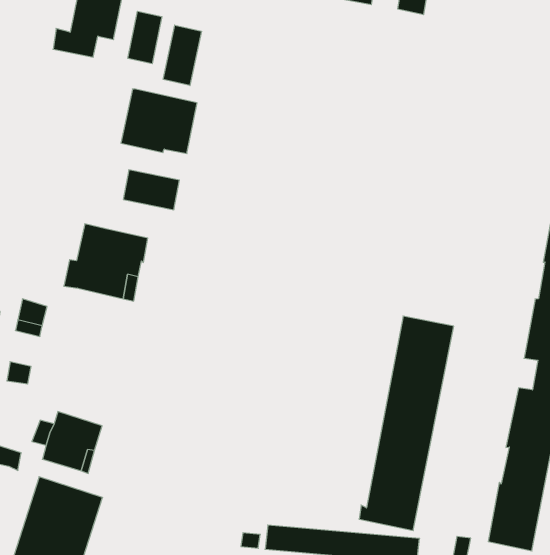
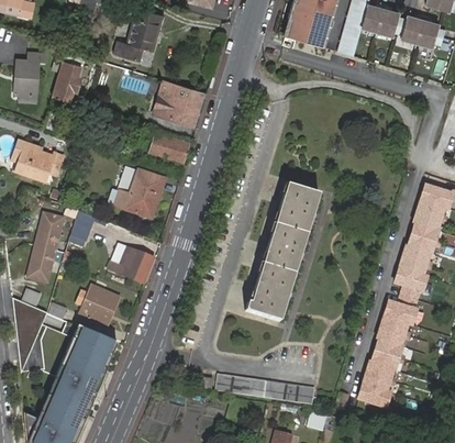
building: [128,11,162,64] -> none
building: [163,25,201,86] -> none
building: [359,316,454,531] -> [246,186,320,324]
building: none -> [107,243,153,283]

